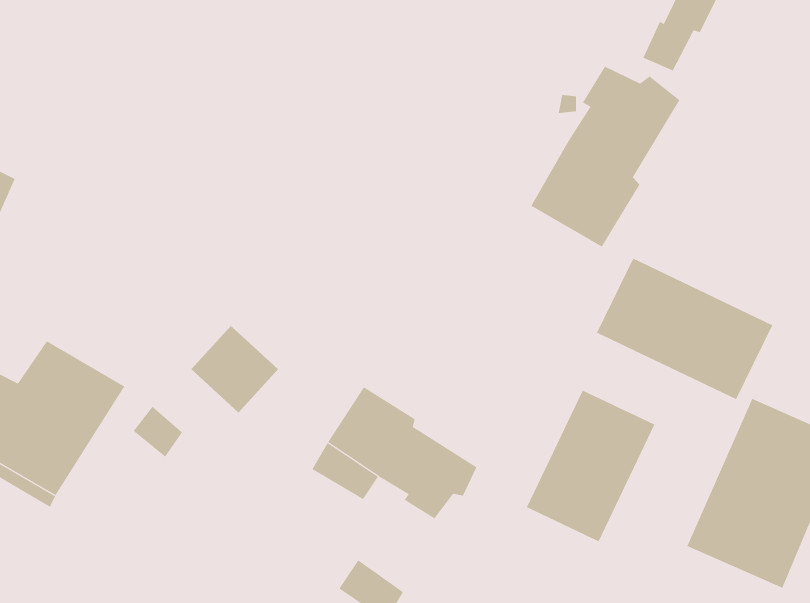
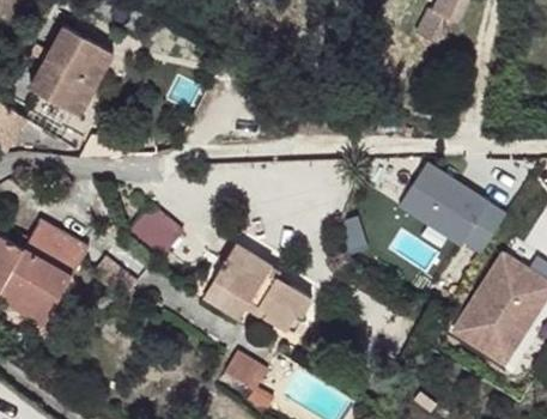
building: none -> [26,22,113,113]
building: [531,66,680,247] -> none
building: [526,390,655,542] -> none

